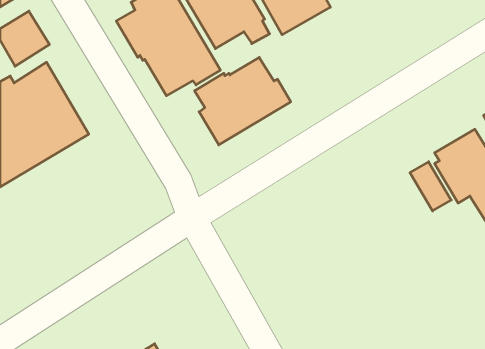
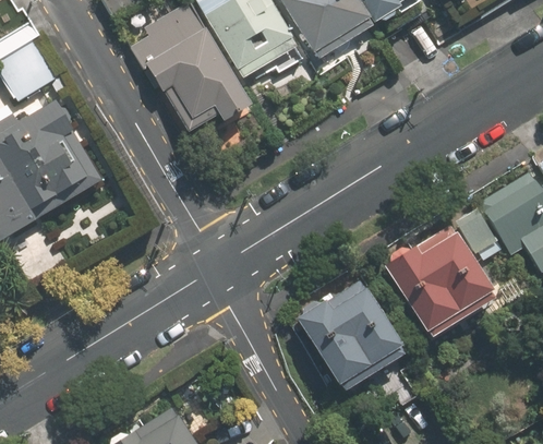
building: [195,57,291,145] -> none
building: none -> [382,223,492,332]
building: none -> [297,277,402,386]

